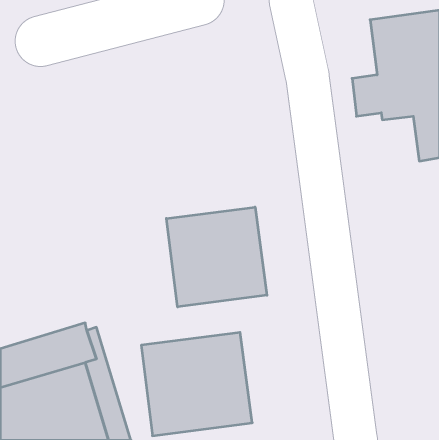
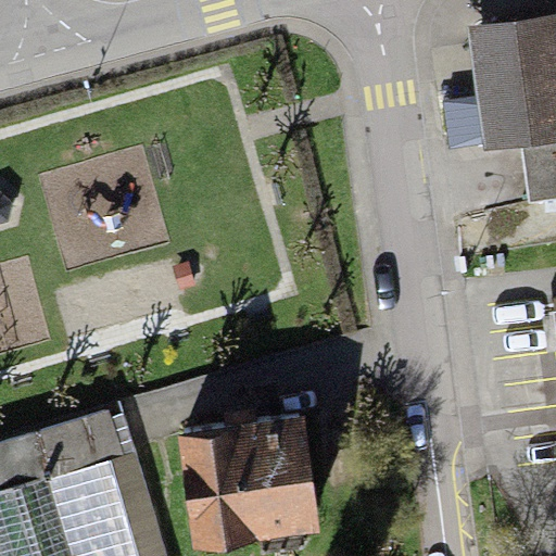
building: [166,207,267,307] -> none

